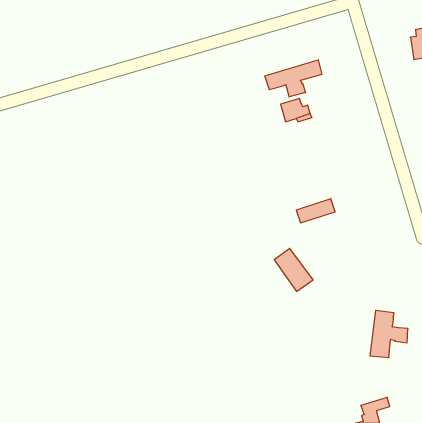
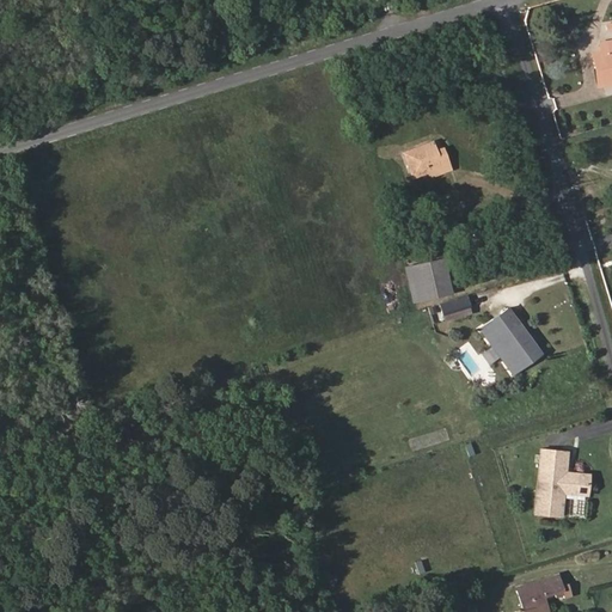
building: [265,60,322,97] -> none
building: none -> [405,261,448,301]
building: [274,248,313,291] -> [486,308,543,371]

